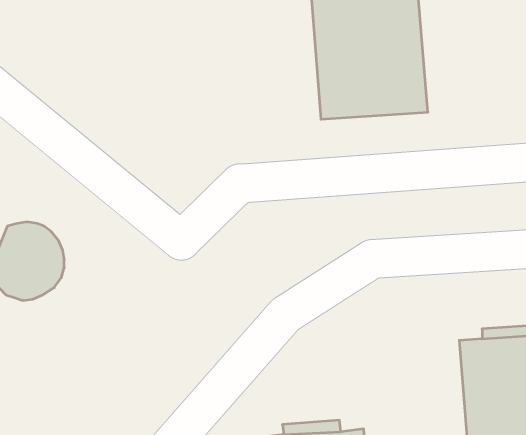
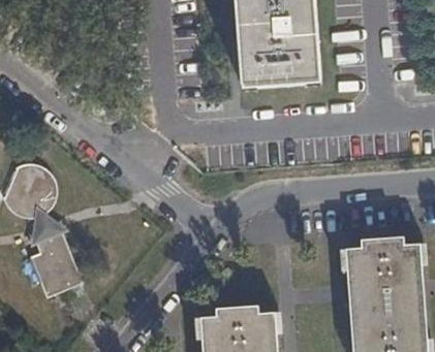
building: none -> [30,228,83,298]

